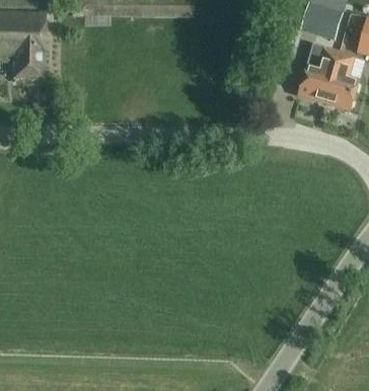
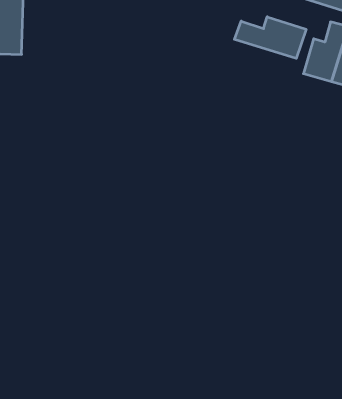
building: none -> [234,17,306,58]

